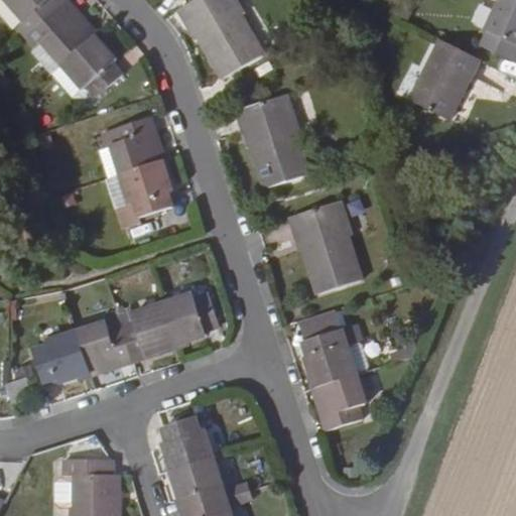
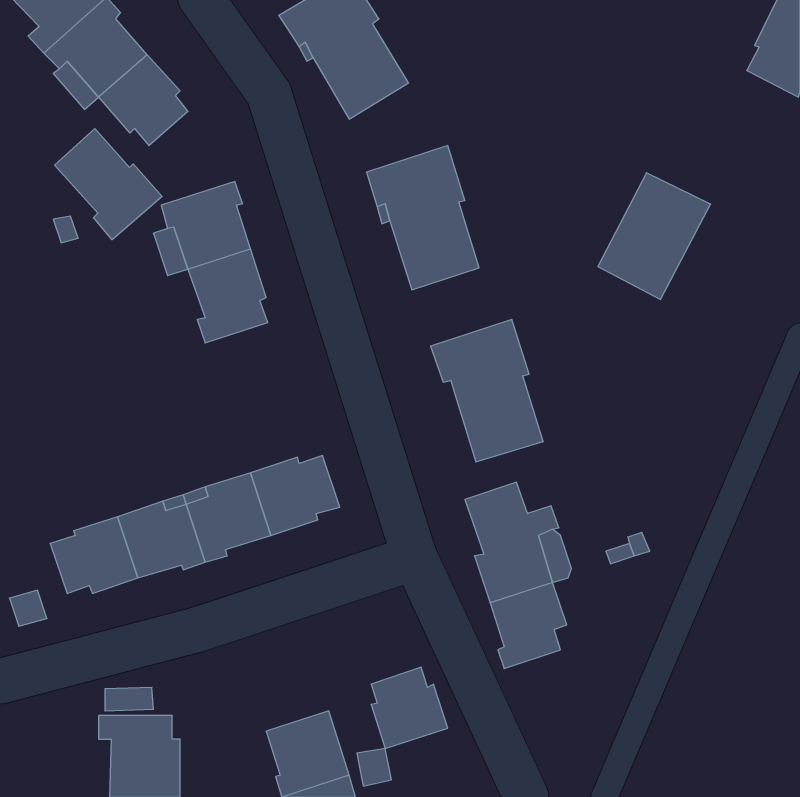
building: [412,39,485,121] -> [598,173,711,300]
building: none -> [55,129,162,240]
building: [162,418,212,471] -> [371,667,448,748]

